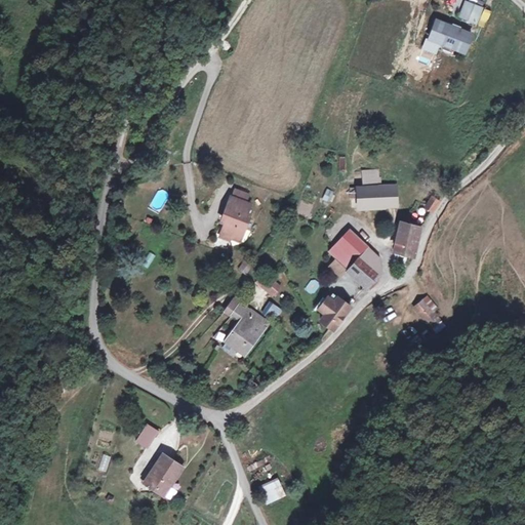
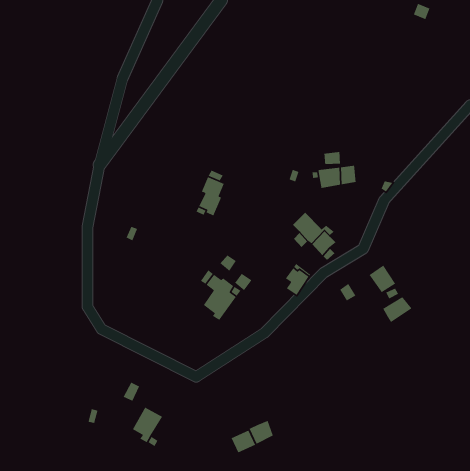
building: [430,22,470,51] -> none
building: [395,221,418,252] -> none
building: none -> [382,296,413,323]
building: none -> [249,420,274,445]

